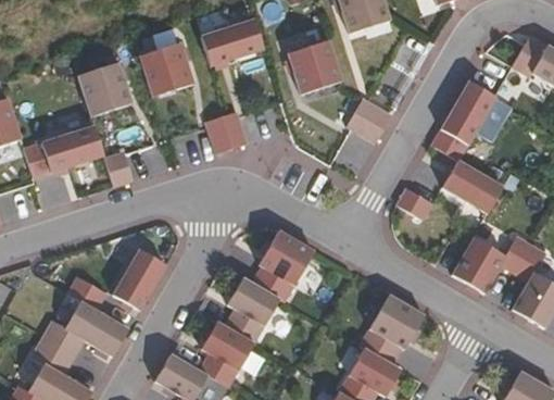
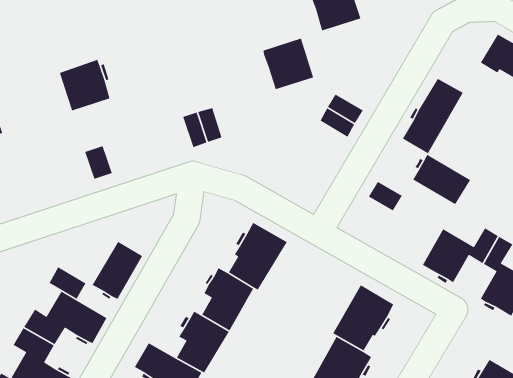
building: [201,18,263,66] -> none
building: [139,42,193,97] -> none
building: [24,125,103,178] -> none

